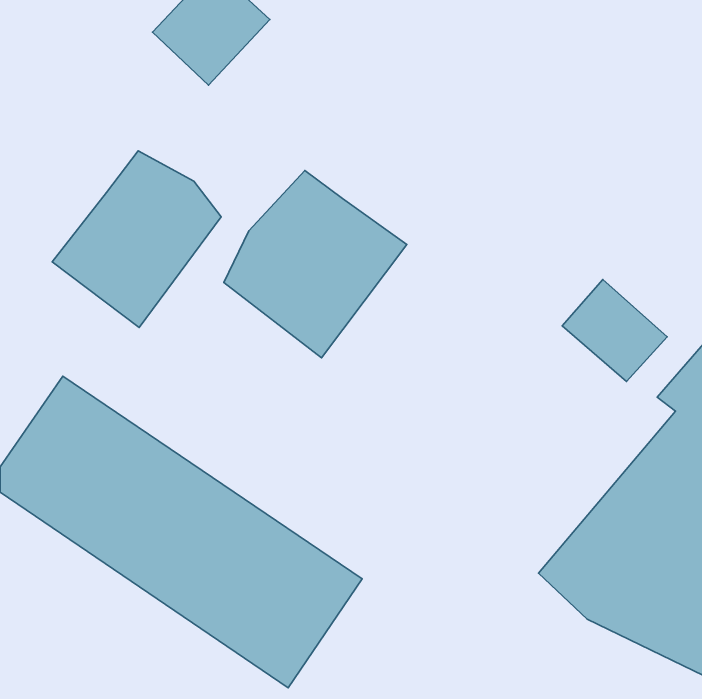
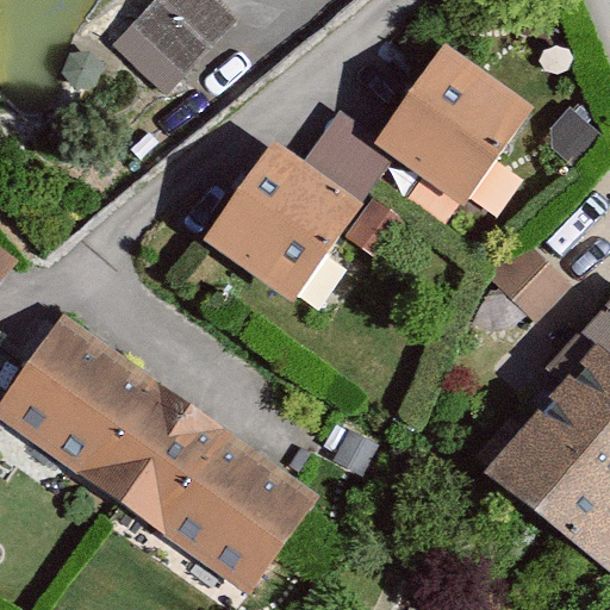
building: none -> [303,45,528,208]
building: [52,151,221,327] -> none

